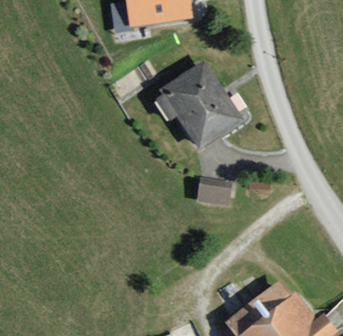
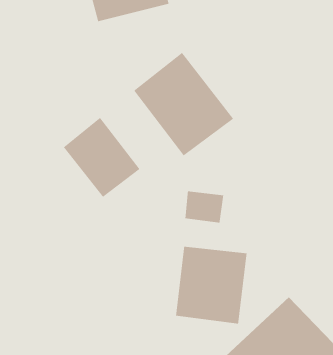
building: none -> [63,117,141,198]
building: none -> [175,246,248,325]

